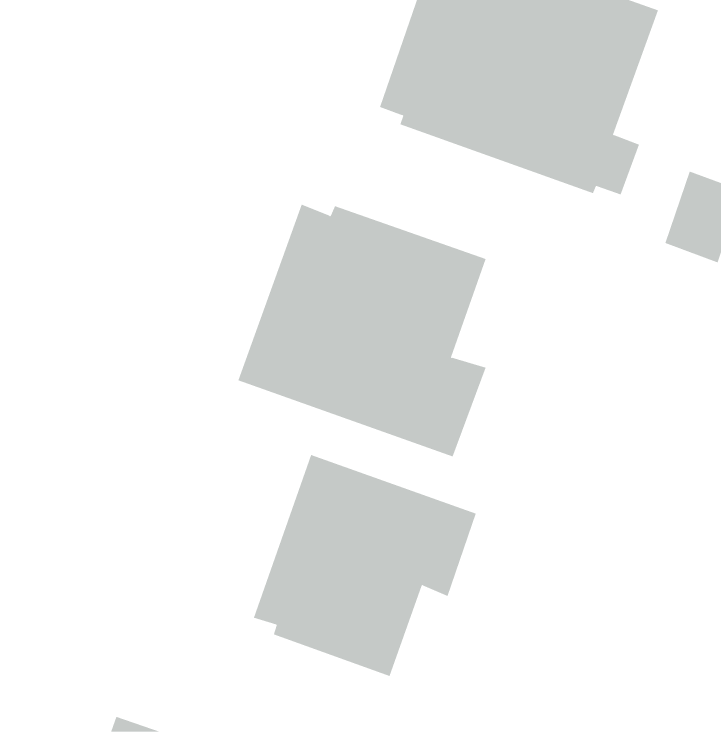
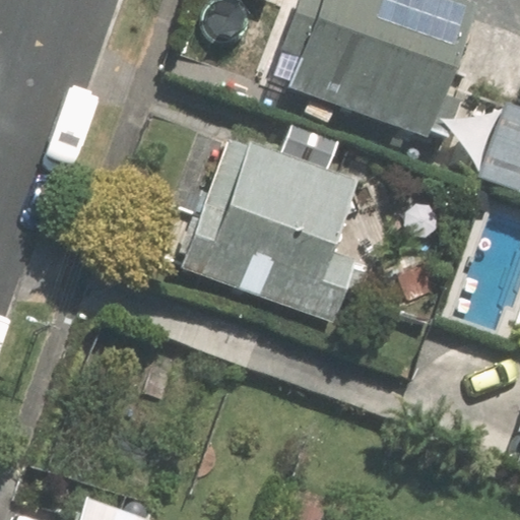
building: [253,454,477,677] -> none

